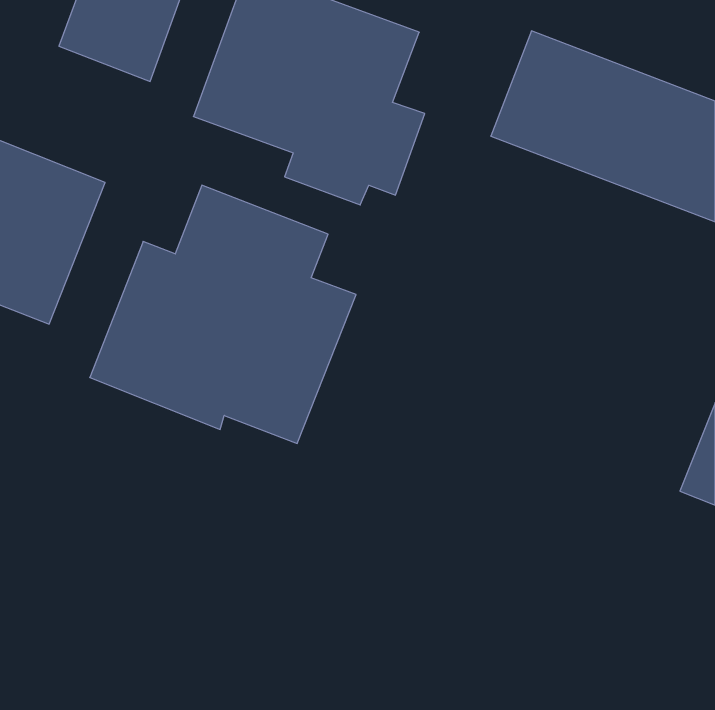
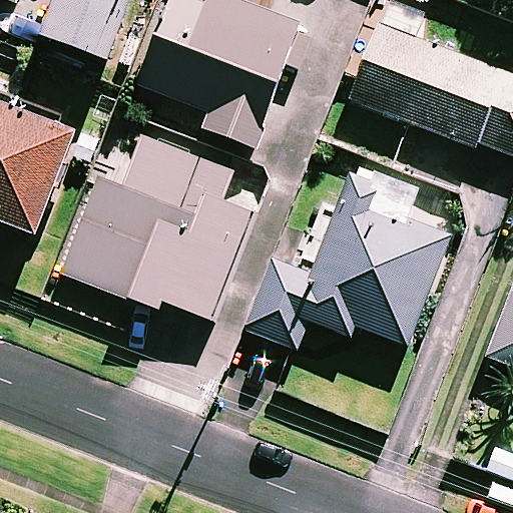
building: none -> [242,165,448,346]

